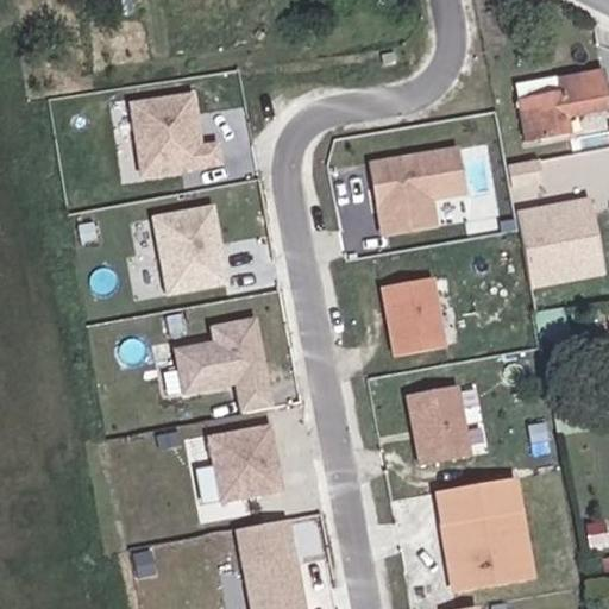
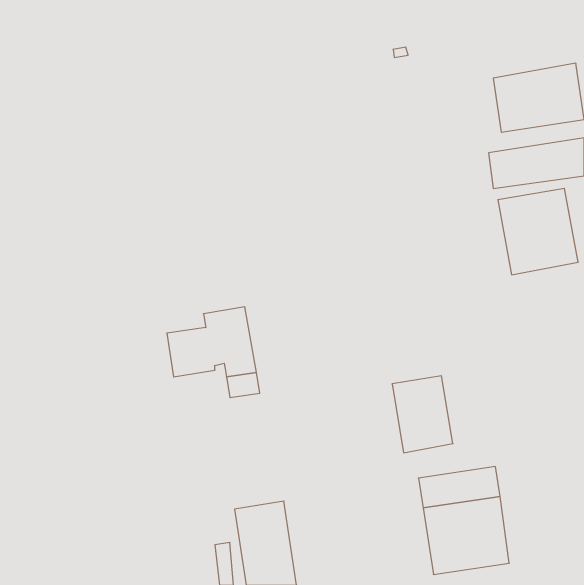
building: [134,88,224,170] -> none
building: [375,150,470,234] -> none
building: [155,202,227,290] -> none
building: [383,278,446,358] -> none
building: [206,426,278,501] -> none

